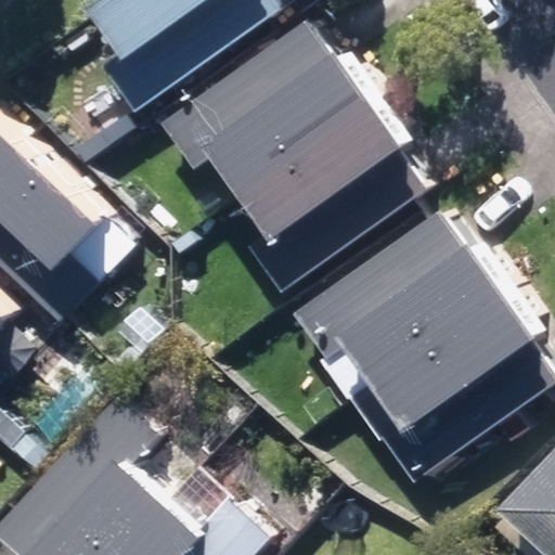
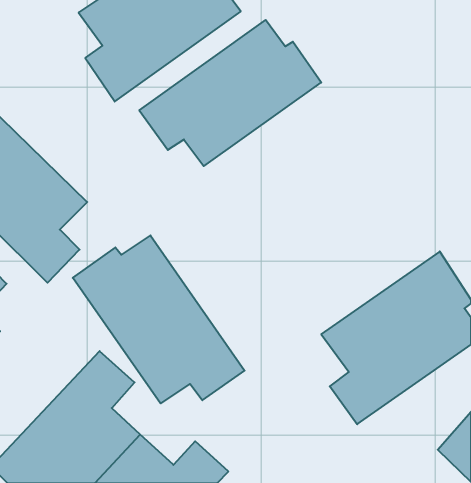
building: [233,94,421,295] -> none
building: [291,212,503,382] -> none
building: none -> [73,235,245,403]

